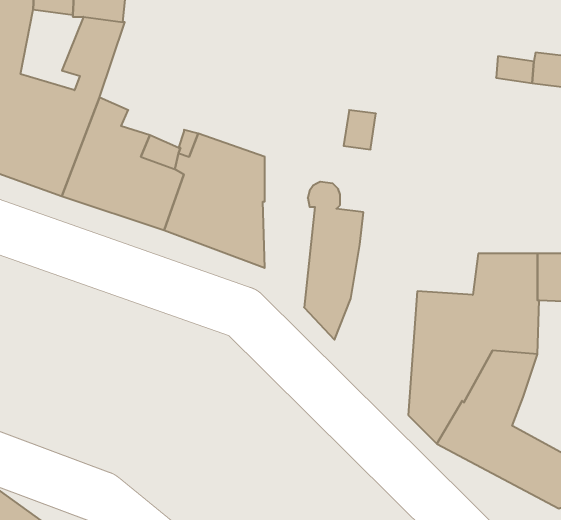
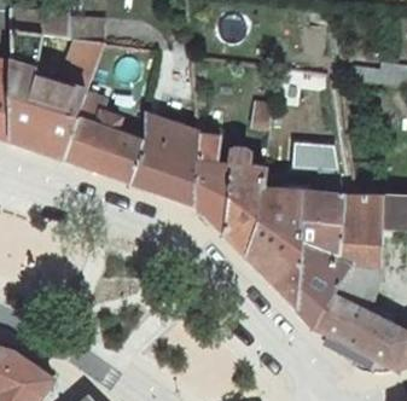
building: none -> [197,134,232,233]
building: none -> [245,144,342,306]

